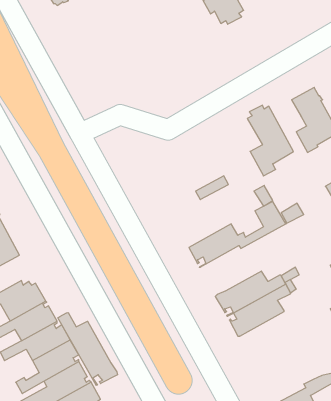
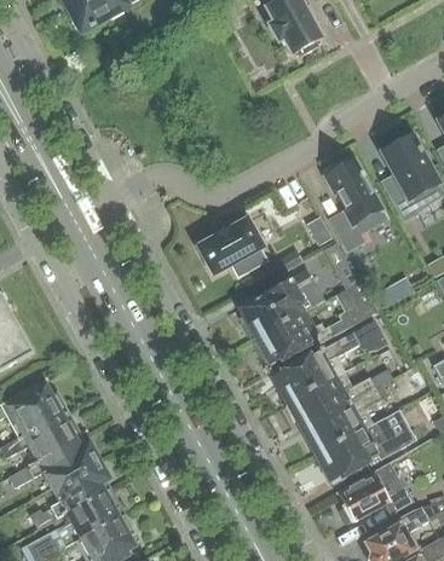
building: none -> [197,218,266,276]
building: none -> [238,270,323,341]
building: none -> [270,319,386,404]
building: none -> [313,416,411,481]
building: [58,313,118,385] -> none
building: none -> [335,461,413,521]

